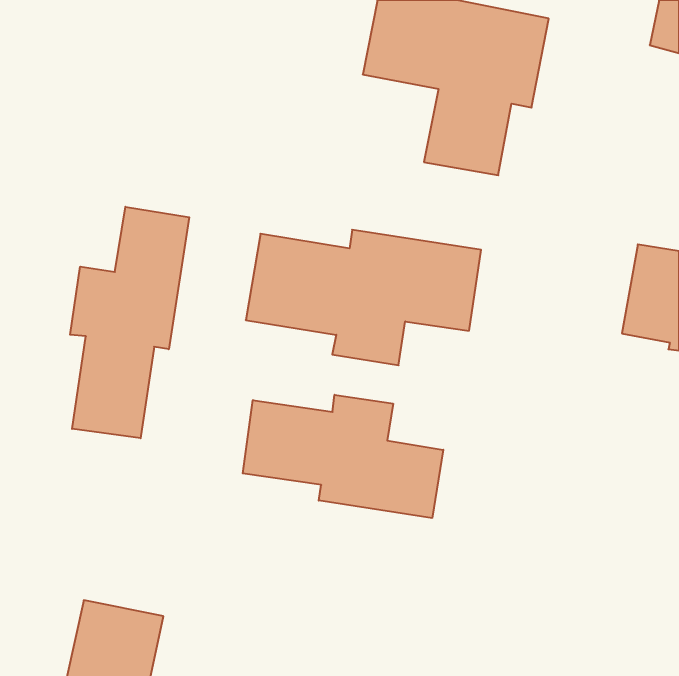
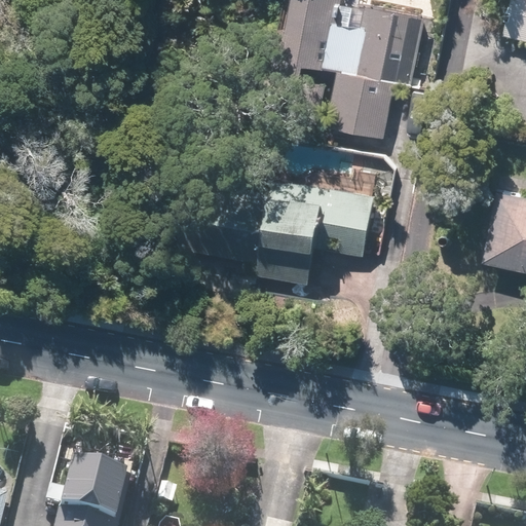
building: [70,207,189,438] -> none
building: [243,395,443,518] -> none

